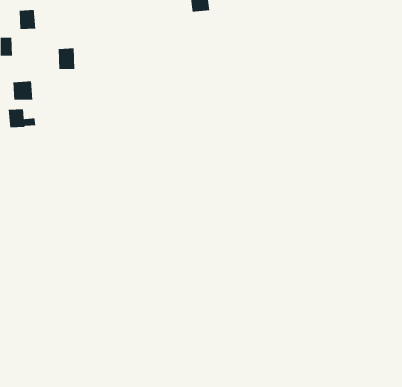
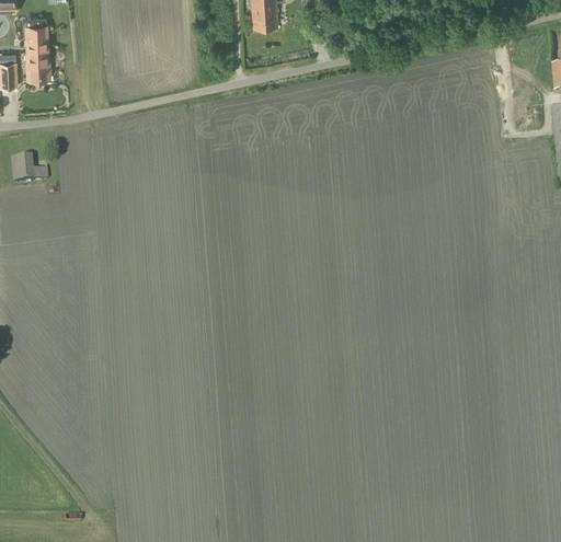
building: [58,48,75,70] -> [27,48,50,77]
building: [13,81,33,100] -> none

